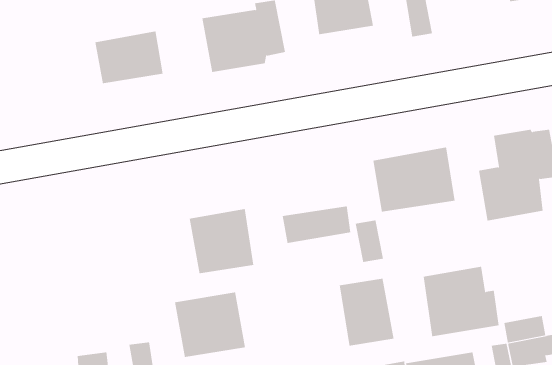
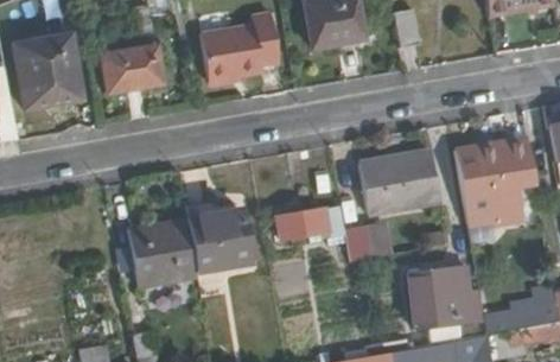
building: none -> [15,36,81,110]
building: [339,278,394,347] -> none
building: [174,292,246,357] -> [129,218,197,280]

